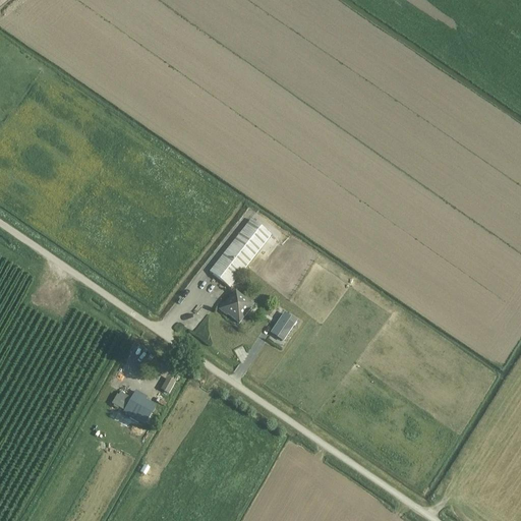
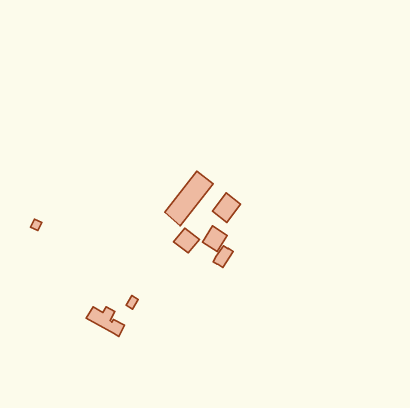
building: none -> [212,193,241,222]
building: none -> [202,226,227,252]

